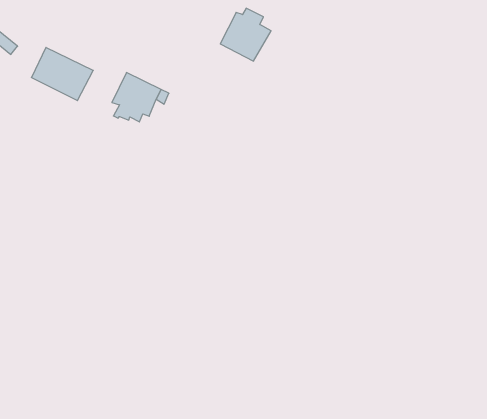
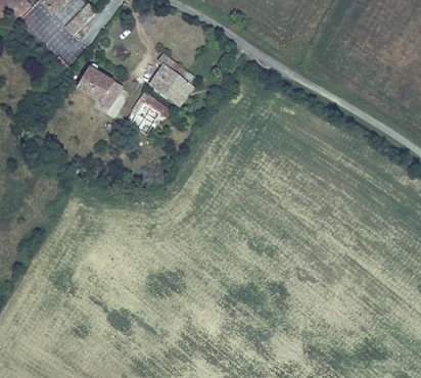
building: [220,8,271,61] -> [149,62,185,99]

